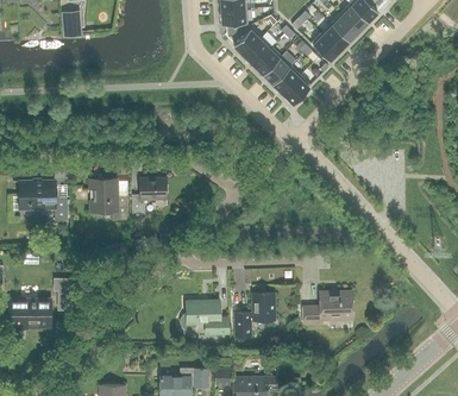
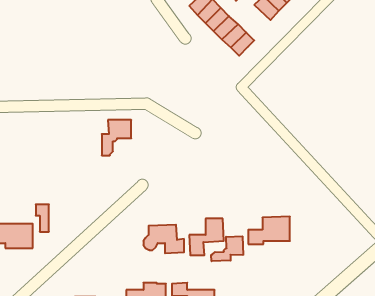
building: [90,180,127,220] -> none
building: [19,181,68,221] -> none
building: none -> [211,236,243,261]

